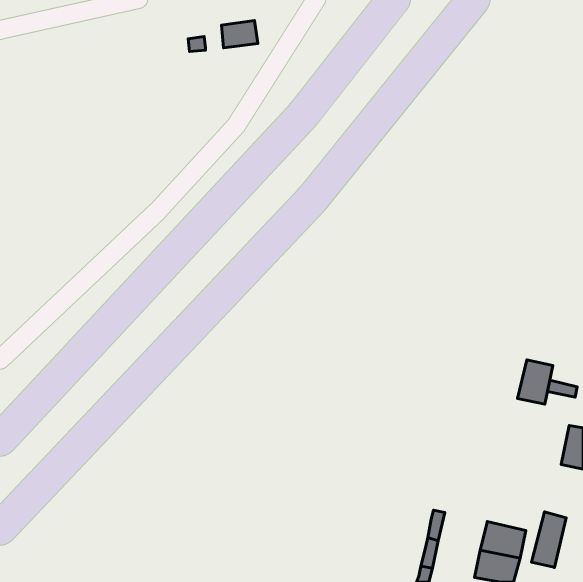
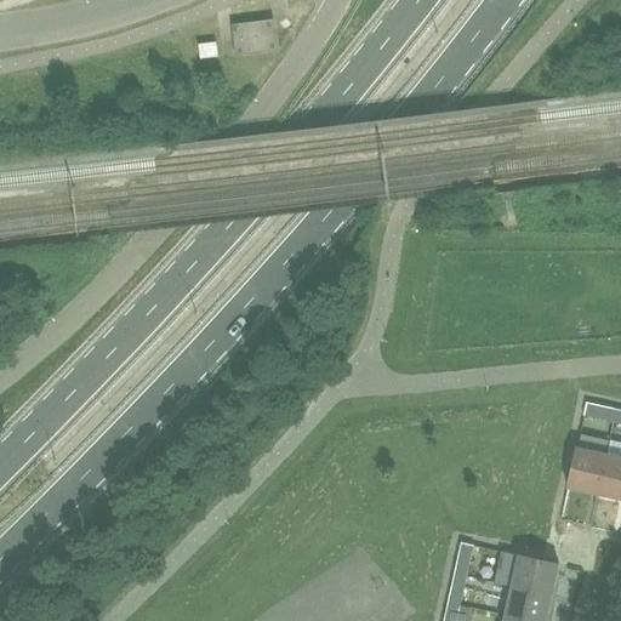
building: [518,360,553,404] -> [568,446,605,494]
building: [532,512,566,568] -> none

